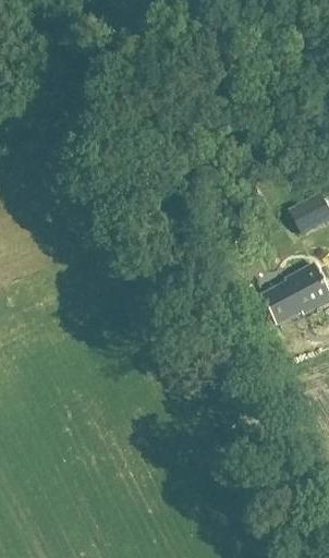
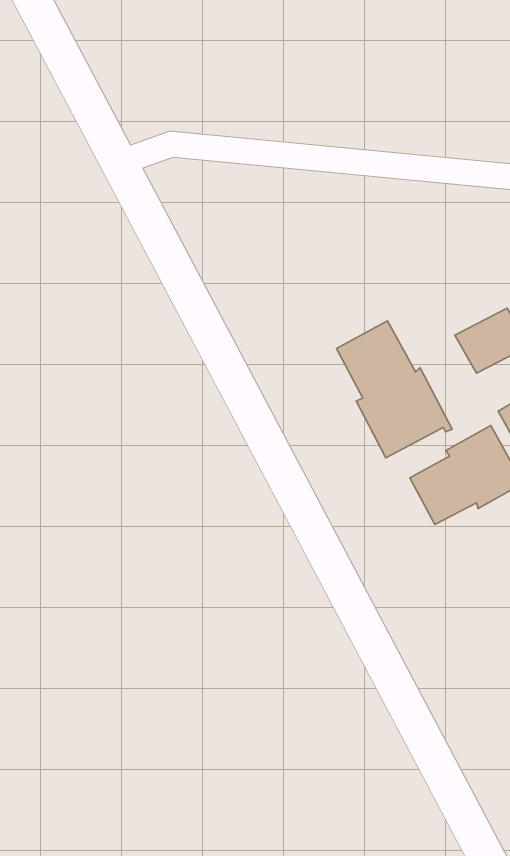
building: none -> [337,321,452,458]

